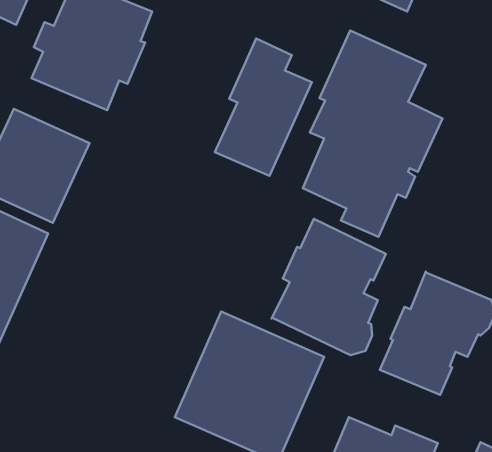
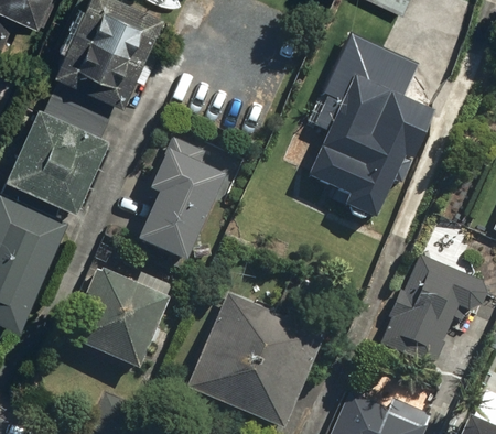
building: [215,38,312,176] -> [136,134,226,262]
building: [271,219,386,355] -> none
building: none -> [71,267,171,370]

